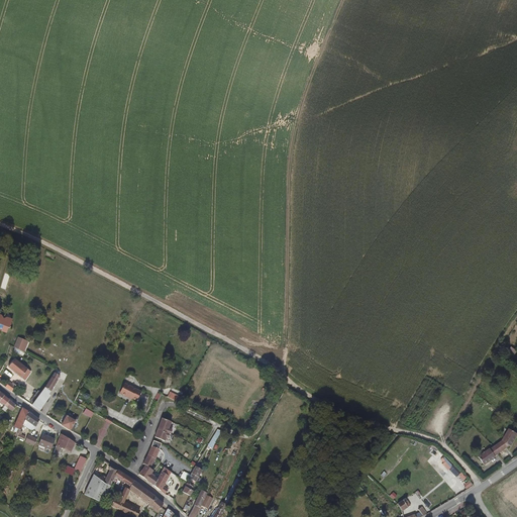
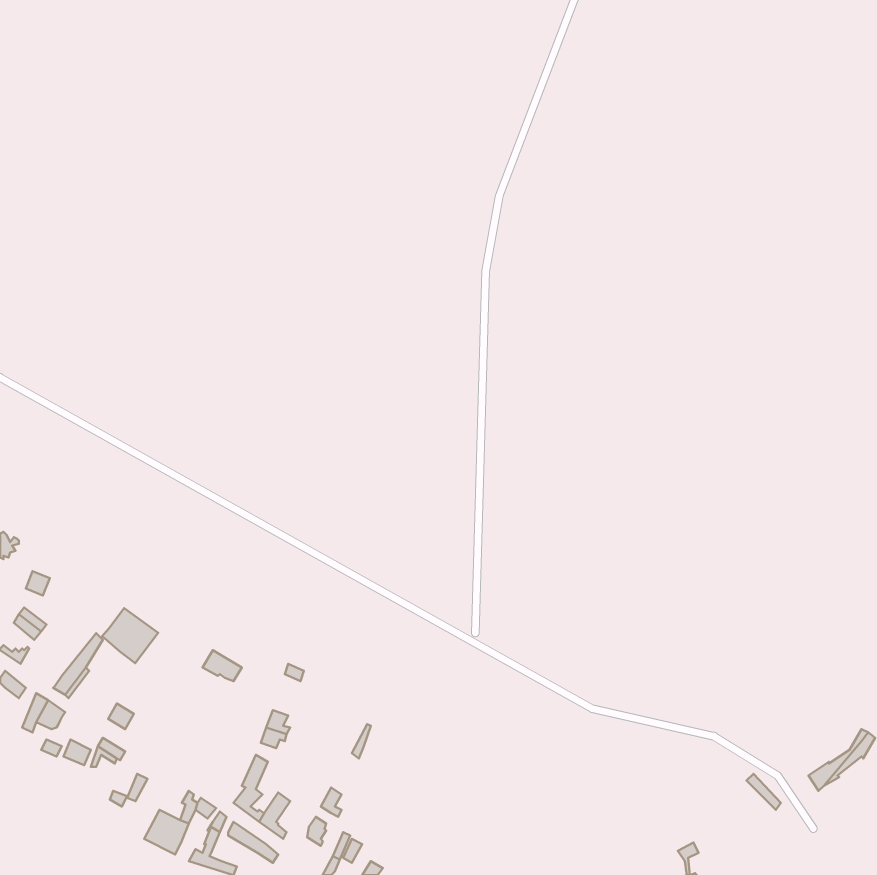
building: none -> [102,608,158,663]

